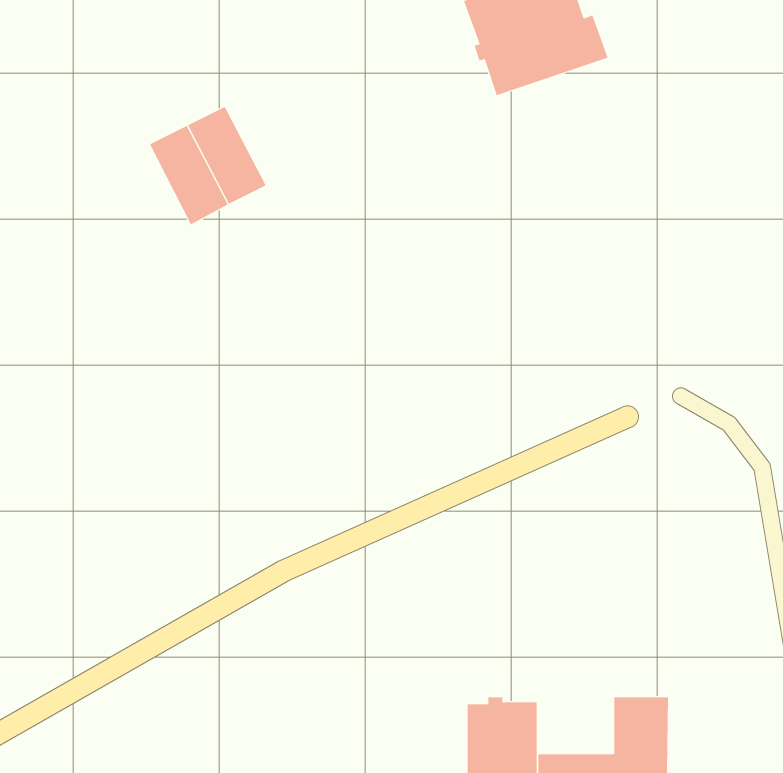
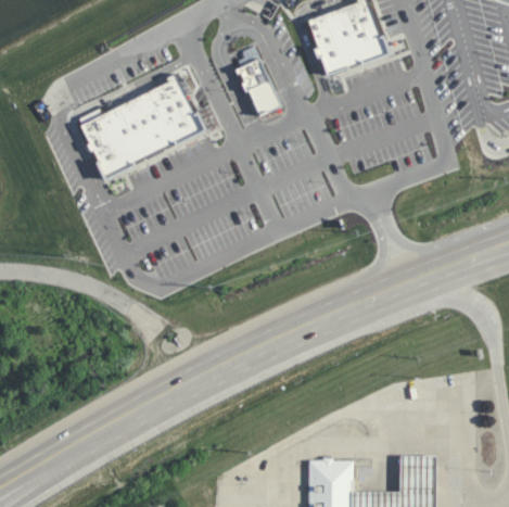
building: none -> [232,59,281,121]
building: none -> [155,72,202,137]
building: none -> [78,111,133,177]

